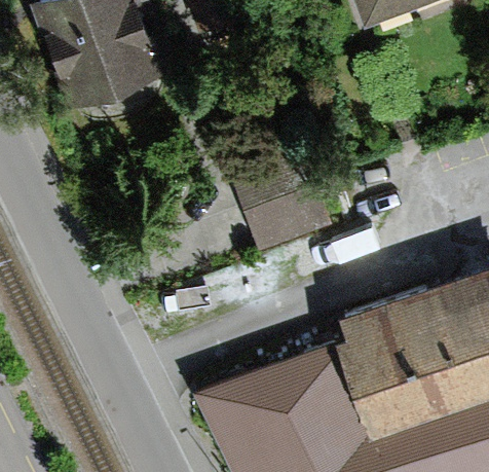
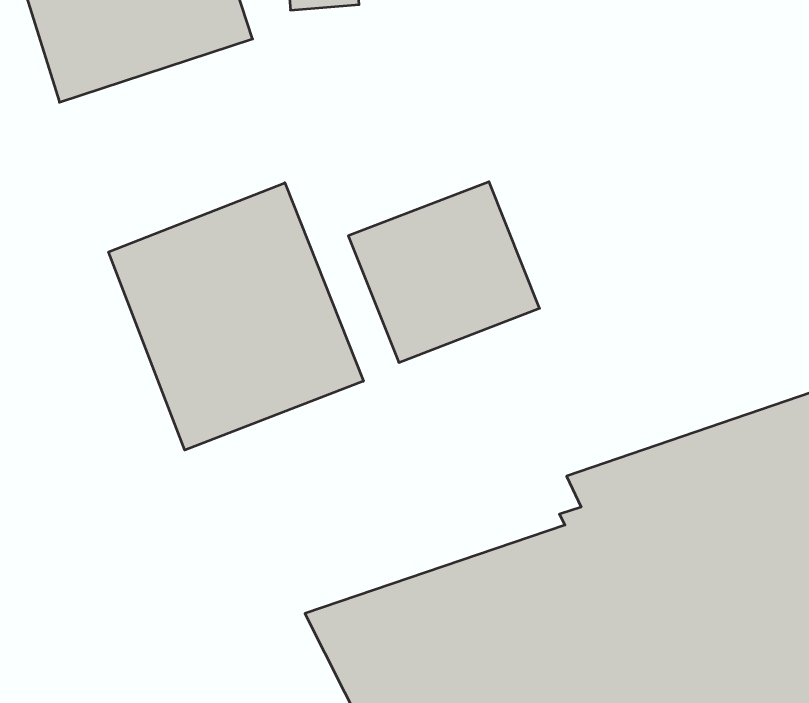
building: none -> [109,183,363,450]

